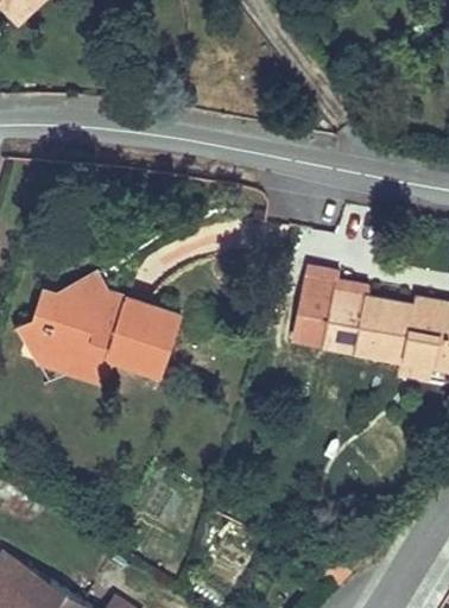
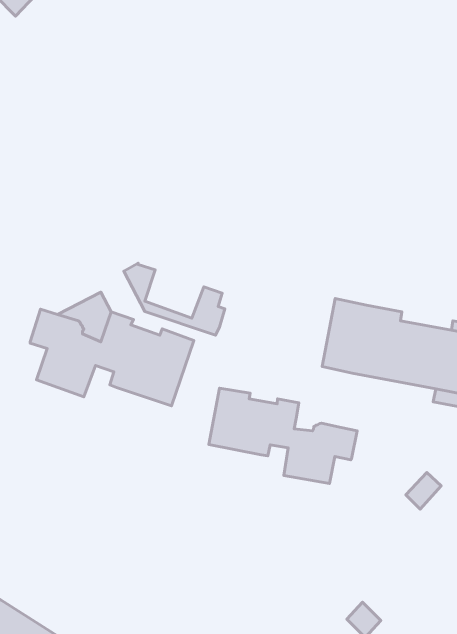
building: [18,317,109,382] -> [124,263,225,335]
building: none -> [209,388,357,483]

